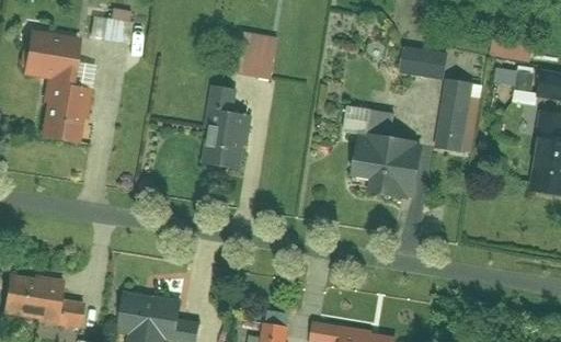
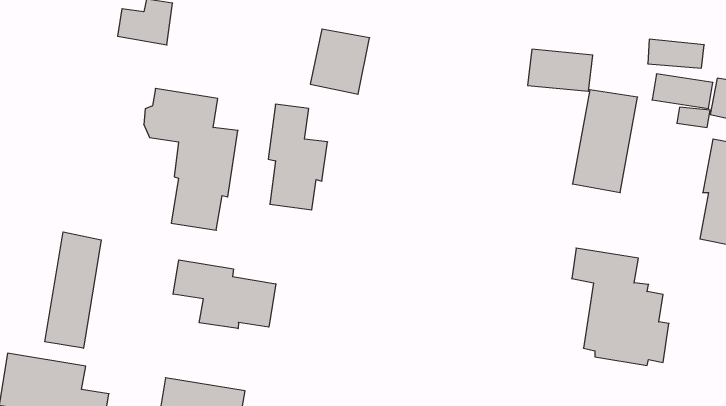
building: [21,33,92,140] -> [144,88,238,230]
building: [344,105,417,194] -> [572,248,669,365]
building: none -> [45,232,101,348]
building: none -> [173,260,276,329]

